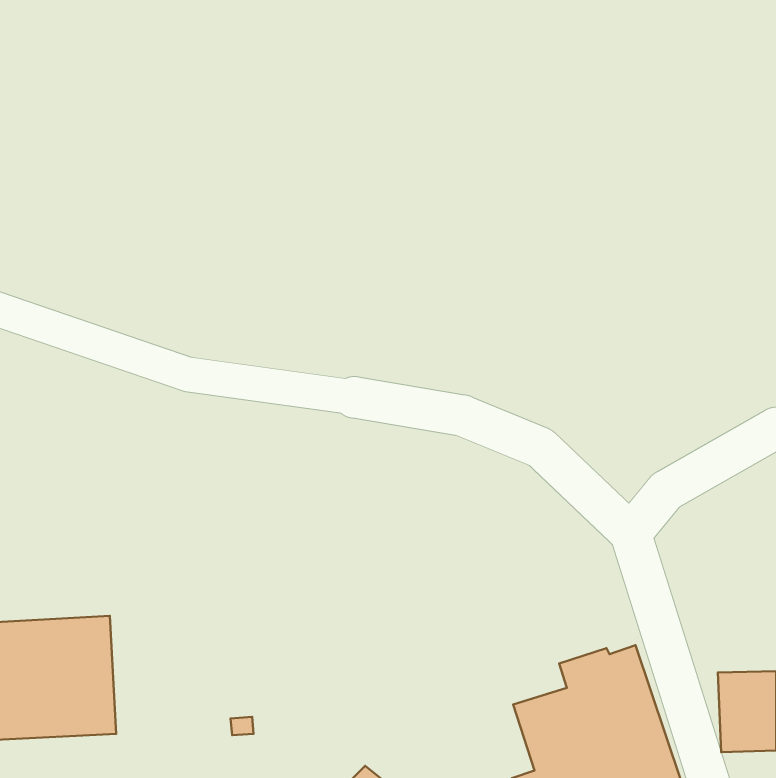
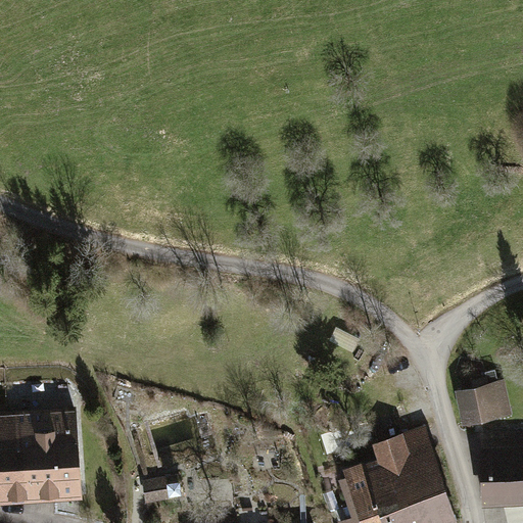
building: none -> [455,381,509,428]

